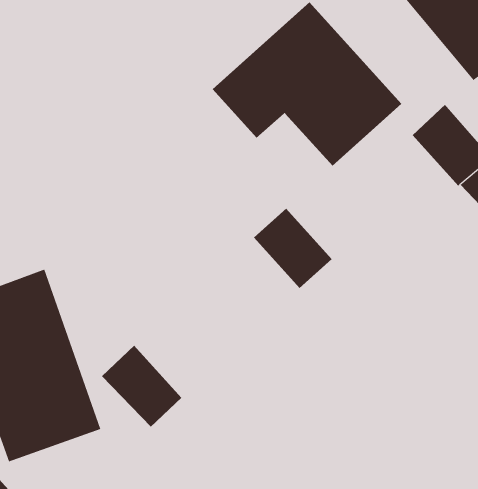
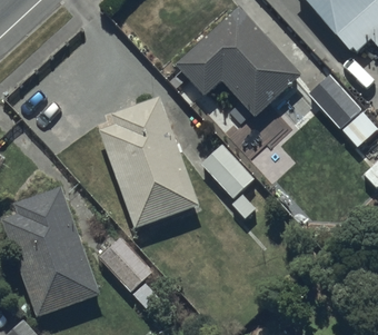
building: none -> [98,97,199,227]

